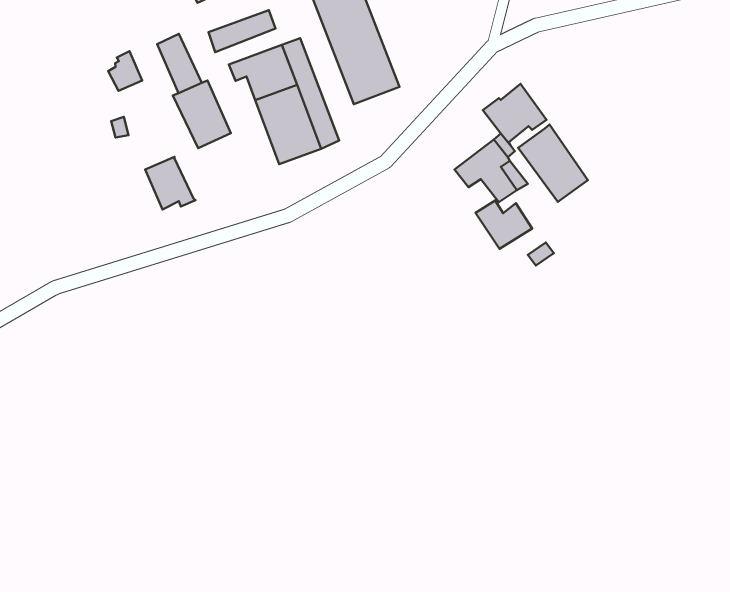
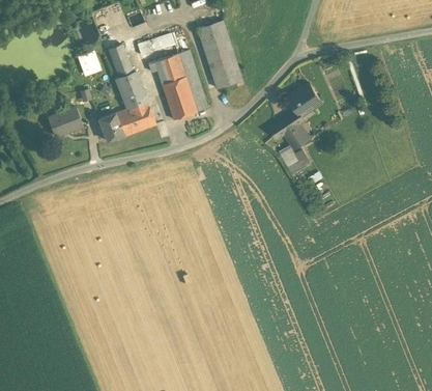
building: [518,125,588,202] -> none
building: none -> [115,101,156,136]
building: none -> [49,106,82,135]

